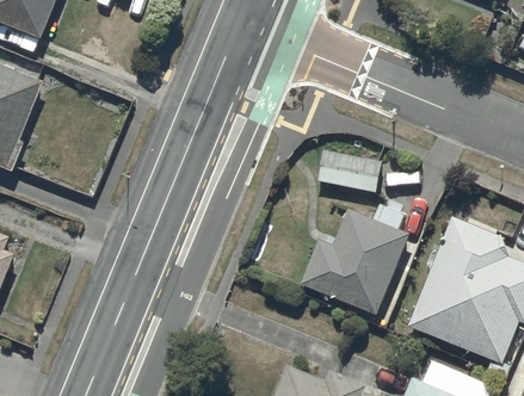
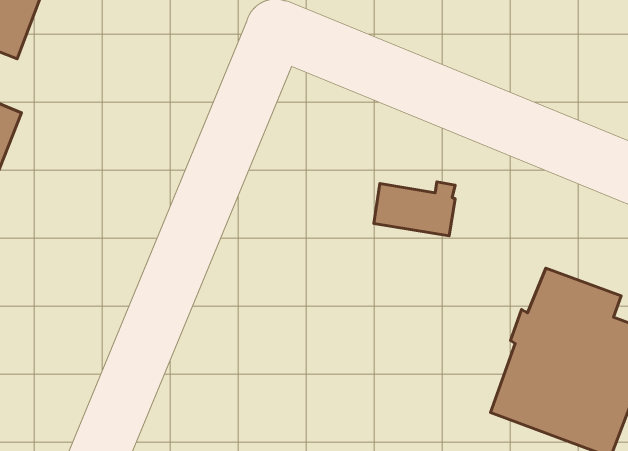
building: [298,197,408,313] -> none

